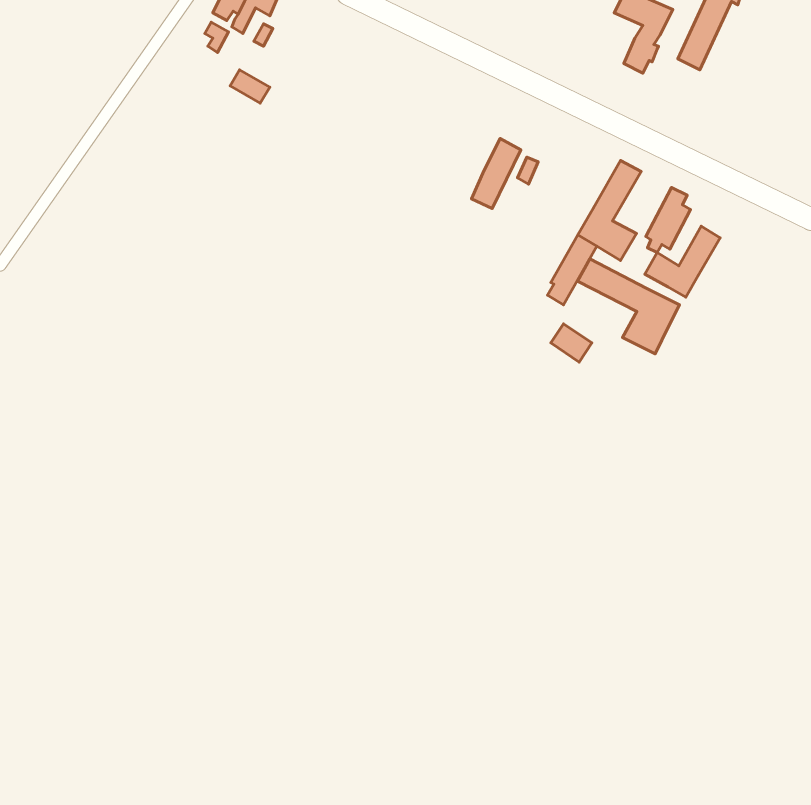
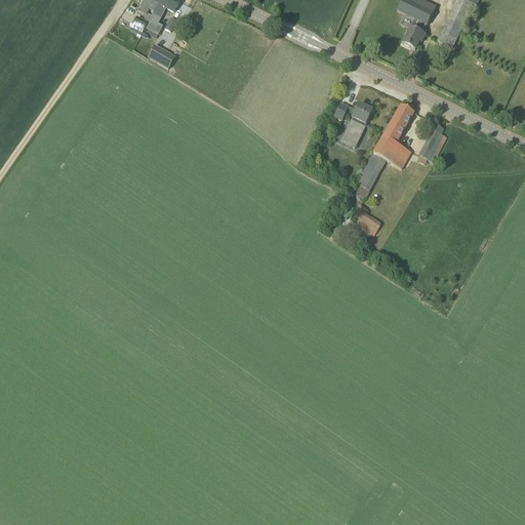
building: [472,139,521,208] -> [340,102,372,147]
building: [645,226,720,297] -> none
building: [577,259,680,354] -> none

